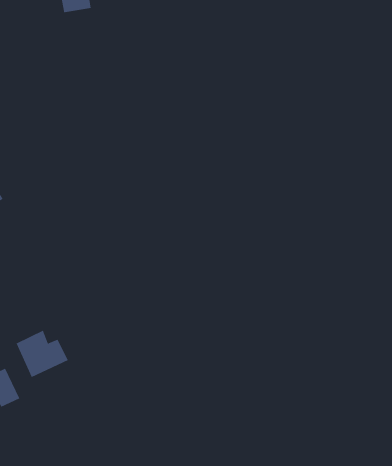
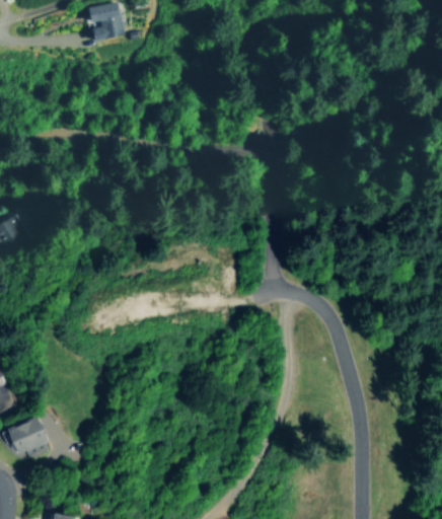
building: [16,330,68,378] -> none

